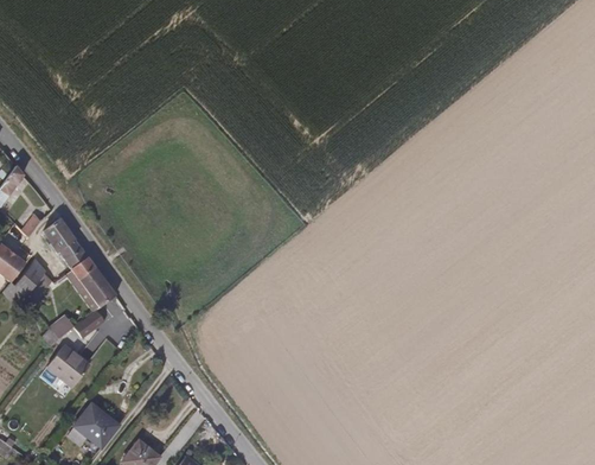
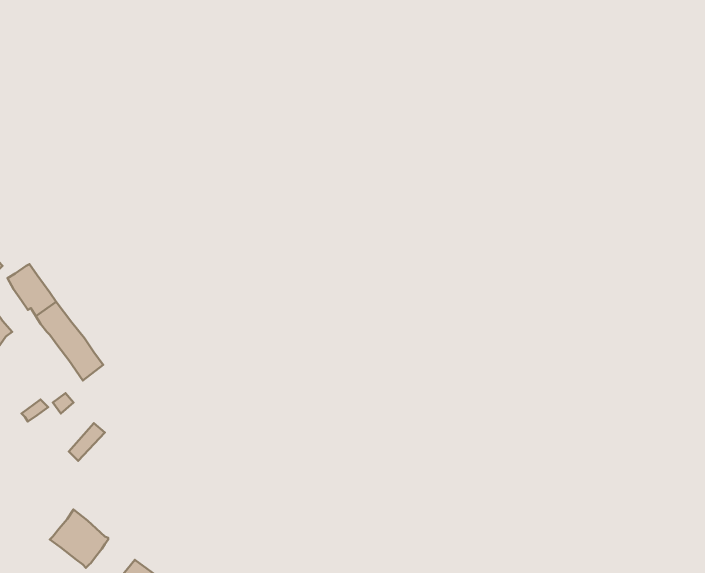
building: [46,344,88,384] -> none

